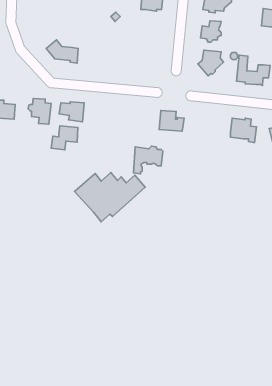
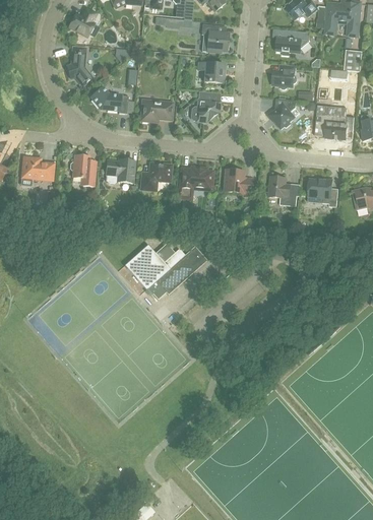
building: none -> [66,46,91,84]
building: none -> [197,61,225,82]
building: none -> [191,89,220,121]
building: none -> [139,99,173,121]
building: none -> [267,174,296,205]
building: [51,126,78,150] -> [139,161,171,190]
building: [133,146,163,174] -> [178,166,212,198]

